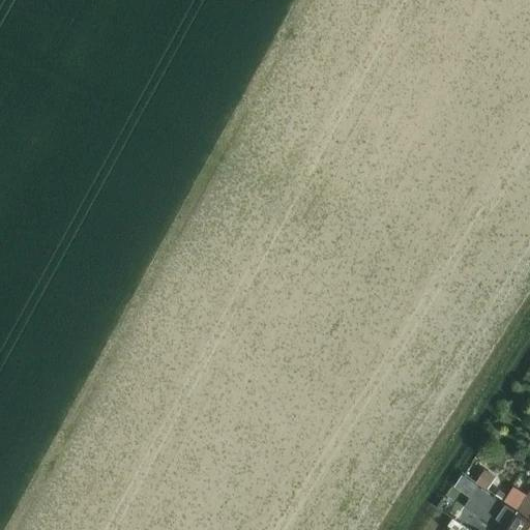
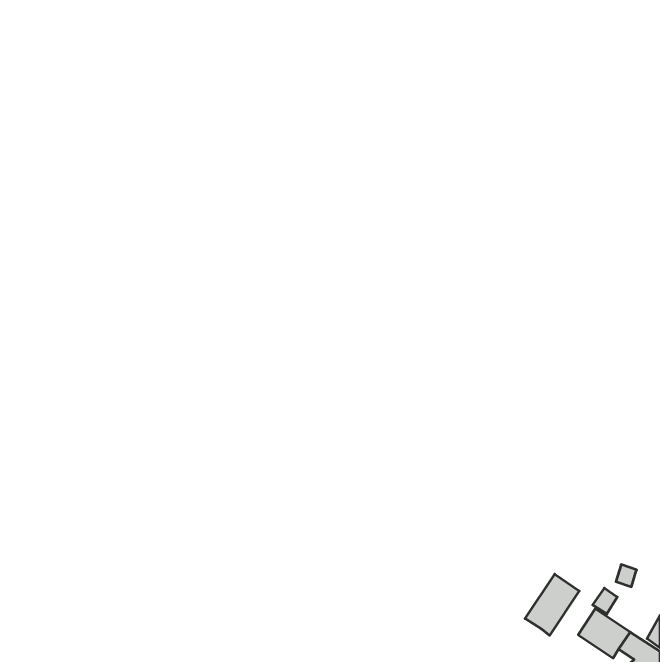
building: none -> [525,574,579,635]

